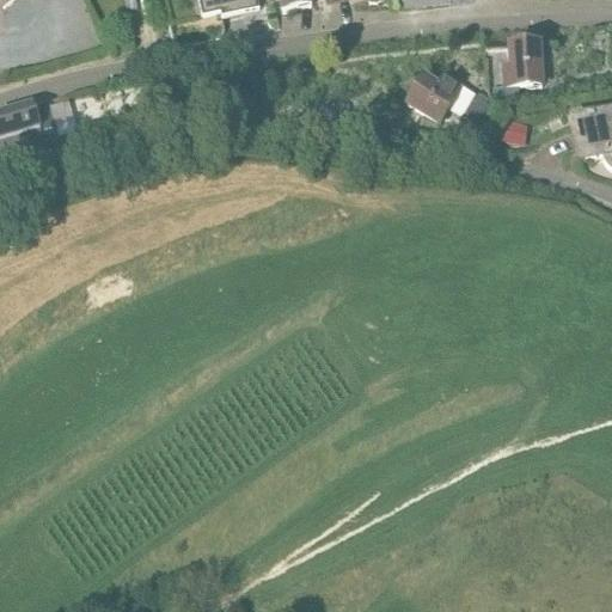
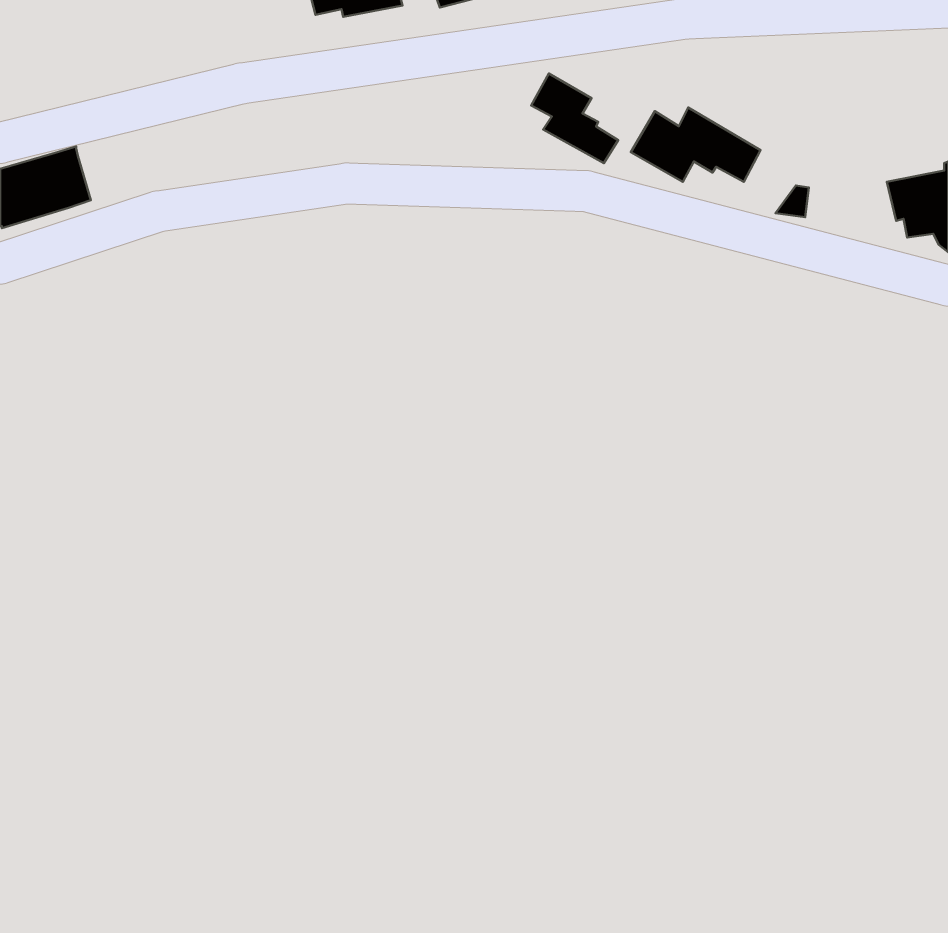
building: [492,41,541,97] -> none
building: none -> [531,74,618,163]

